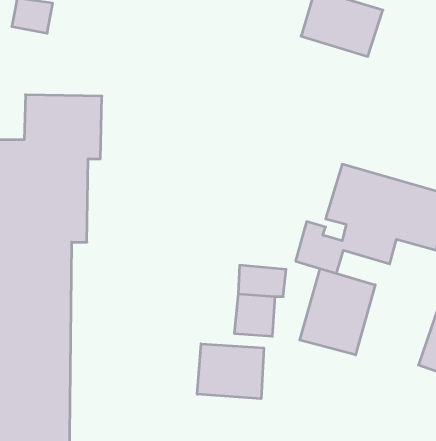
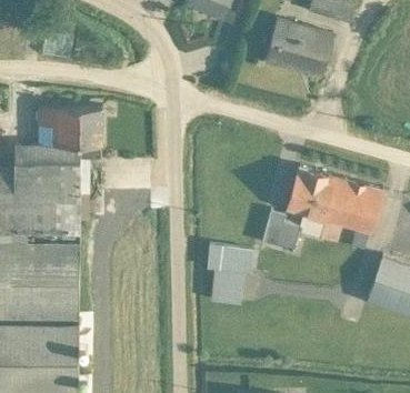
building: [300,269,375,355] -> none
building: [197,344,264,399] -> none

